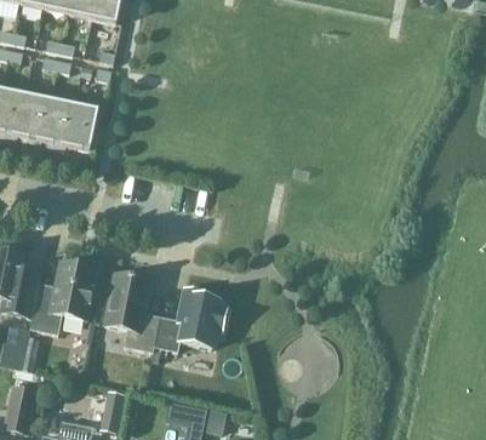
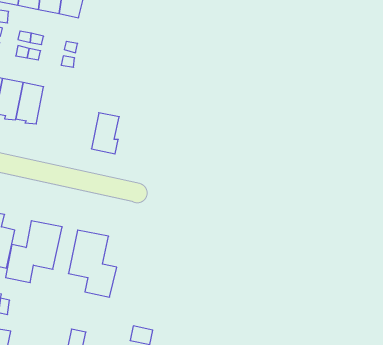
building: [65,103,98,152] -> [91,113,119,154]
building: [154,286,227,350] -> none

